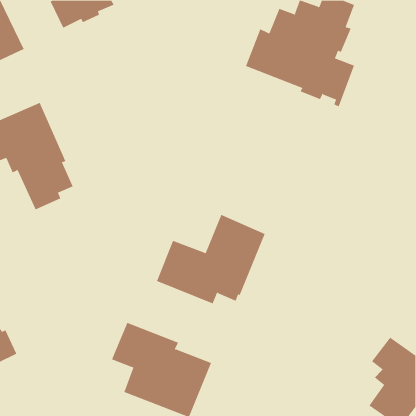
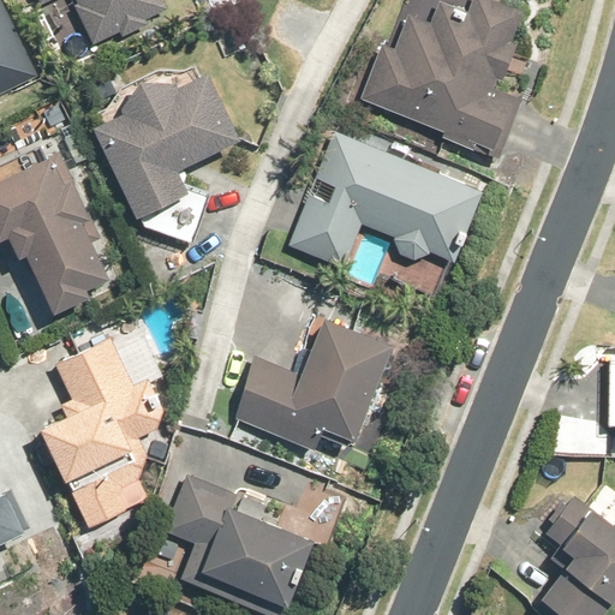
building: none -> [94,74,239,217]
building: none -> [288,132,482,267]
building: none -> [40,339,161,530]

